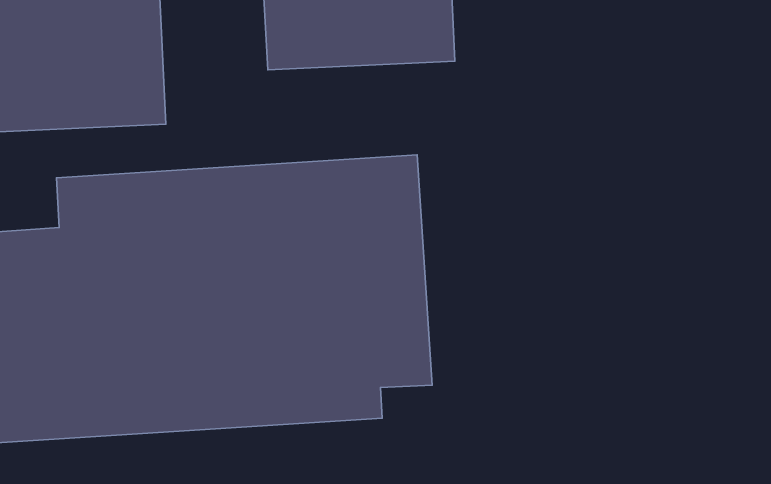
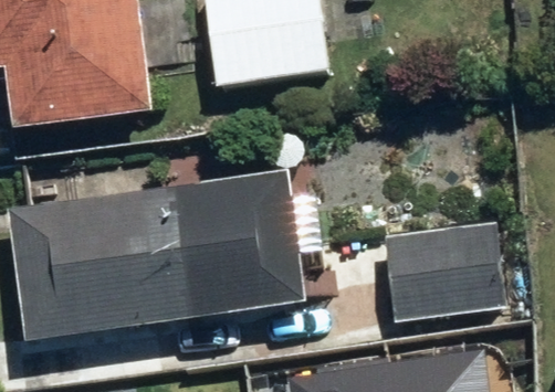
building: none -> [383,221,504,324]

